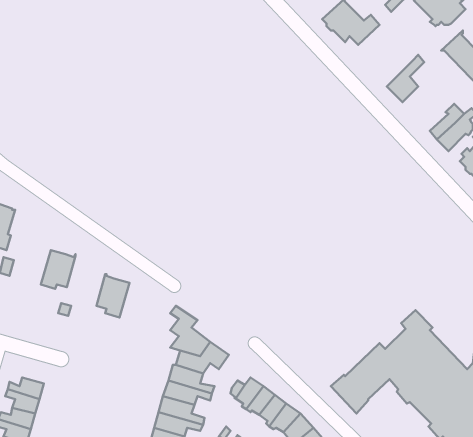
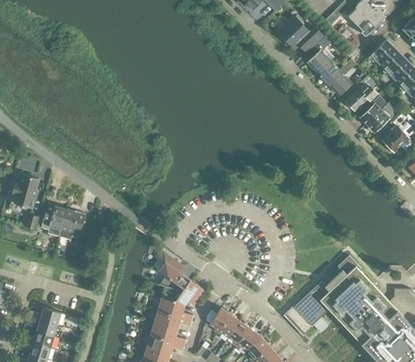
building: none -> [303,34,339,83]
building: none -> [346,74,378,111]
building: [96,274,129,317] -> [41,203,67,237]

